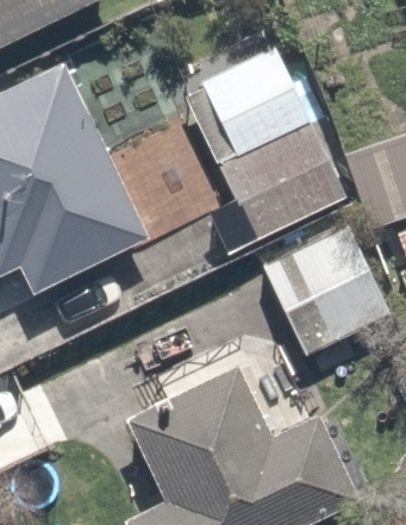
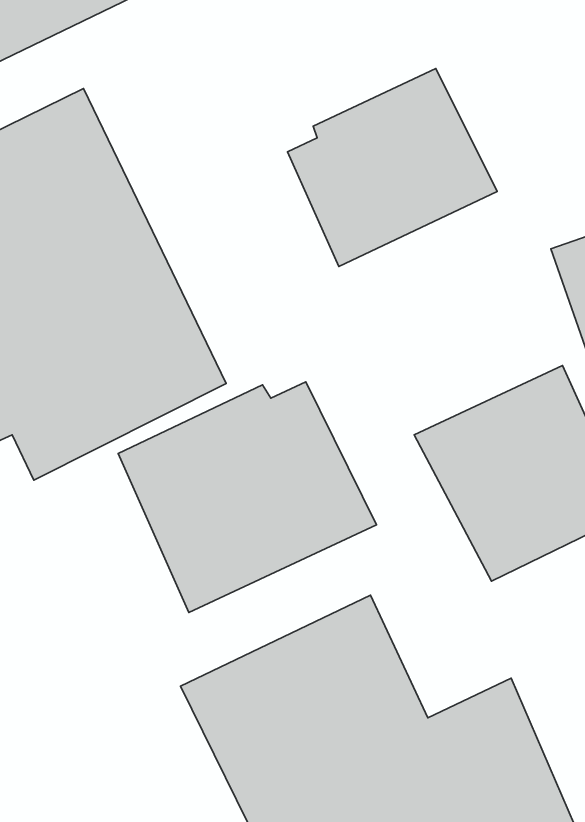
building: [221,121,351,244] -> none
building: none -> [118,382,376,612]

